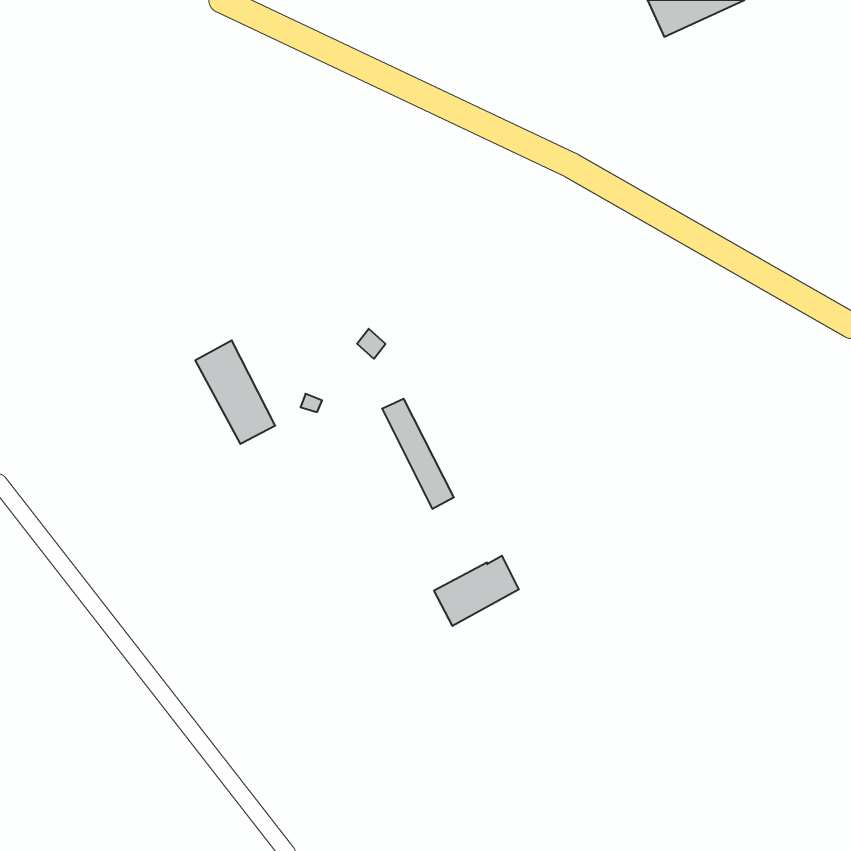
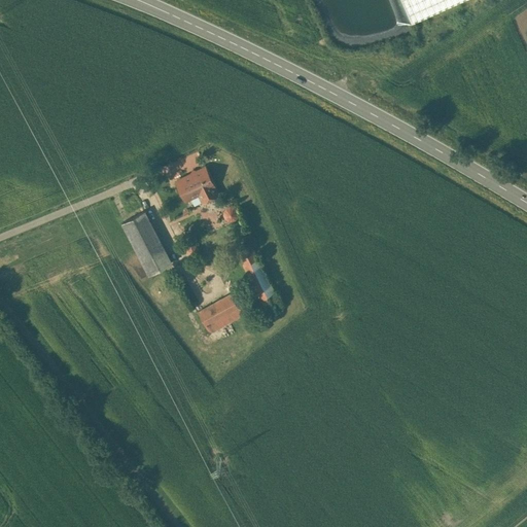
building: none -> [175,168,216,200]
building: [434,556,519,626] -> [197,290,249,333]

